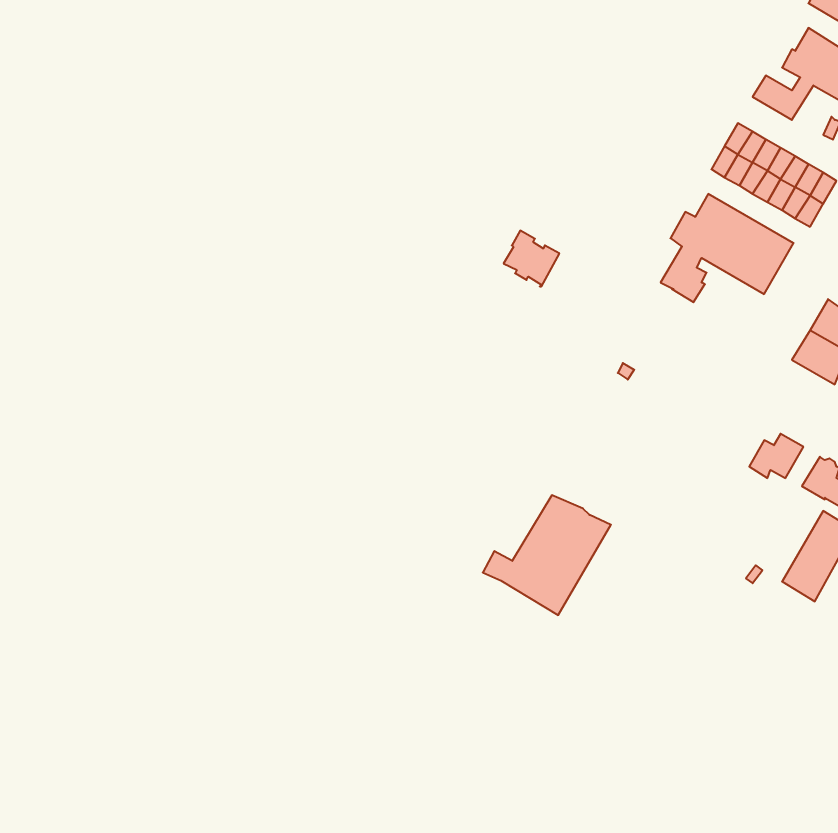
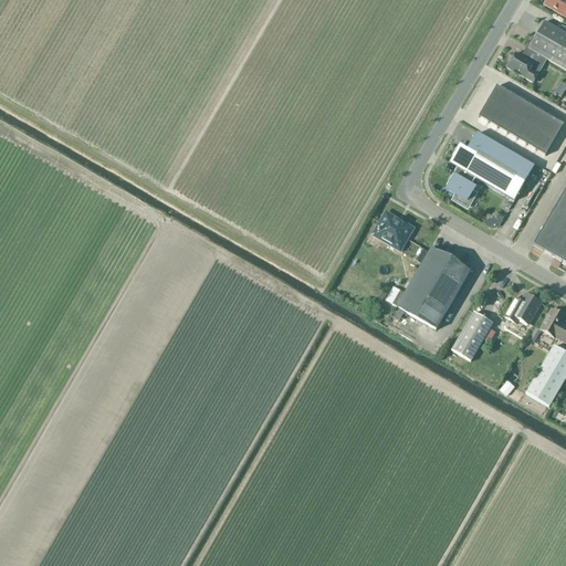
building: [504,231,559,286] -> [376,210,413,248]
building: none -> [452,310,494,359]
building: [483,495,611,615] -> [386,247,472,327]

